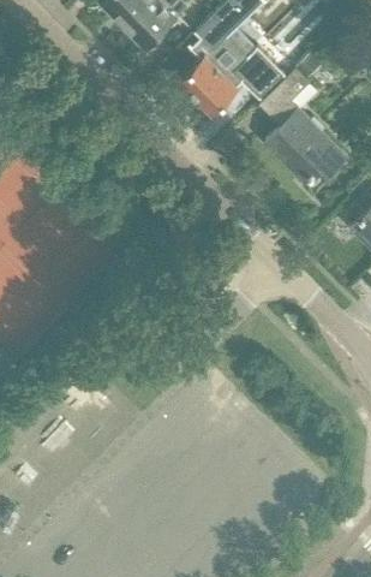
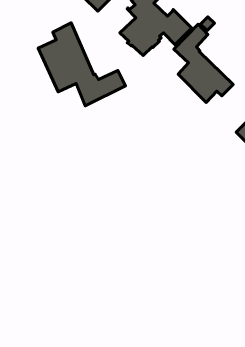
building: none -> [38,23,126,106]

